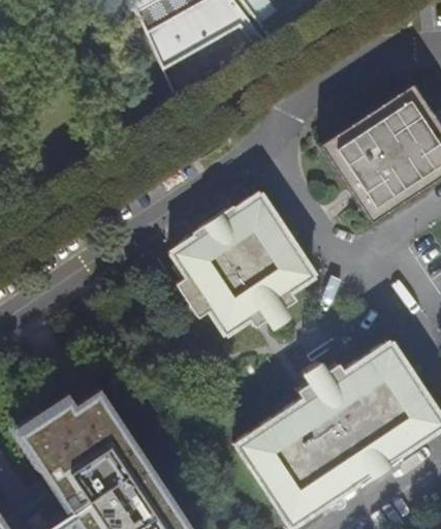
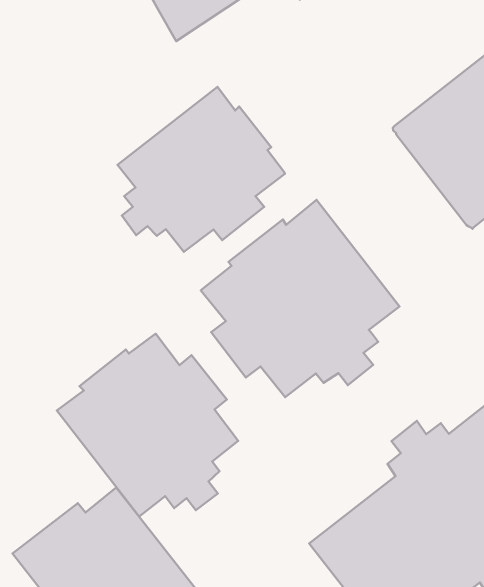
building: none -> [118,87,285,252]
building: none -> [57,334,238,517]

